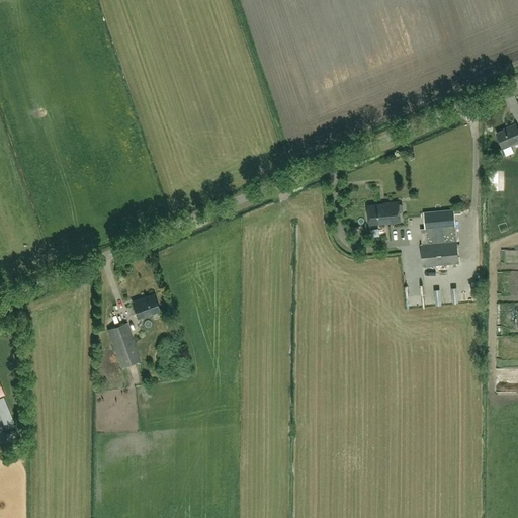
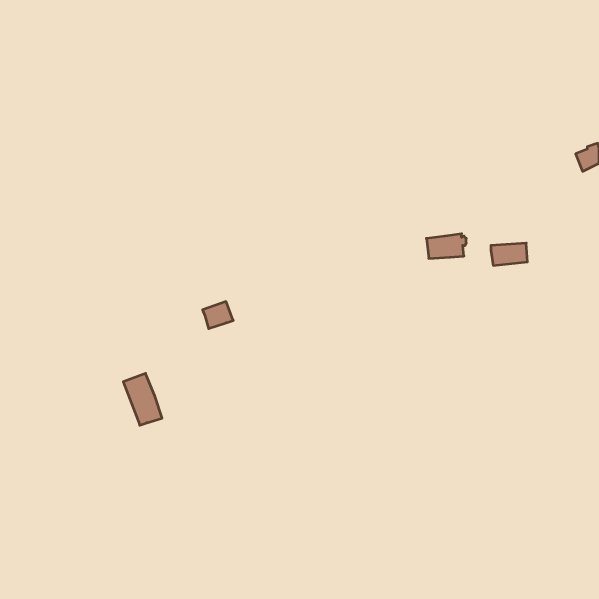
building: [420,241,458,267] -> none
building: [132,295,158,319] -> [203,302,233,329]

